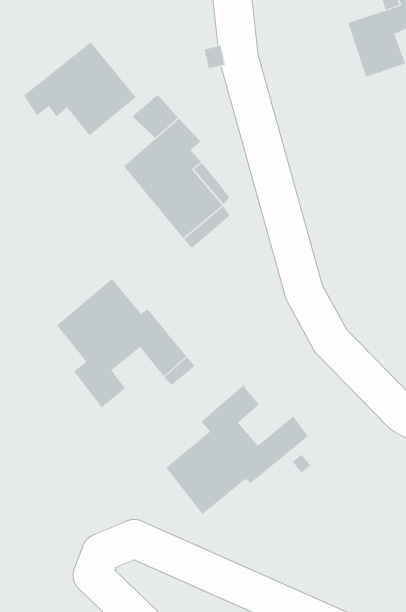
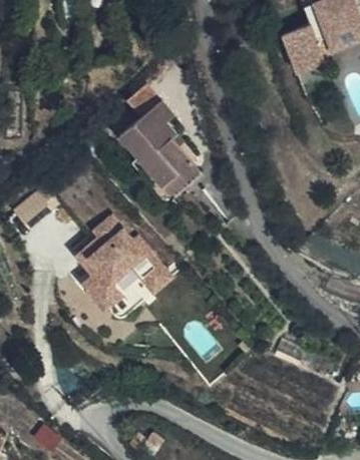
building: [23,42,137,136] -> none
building: [165,384,309,515] -> none

